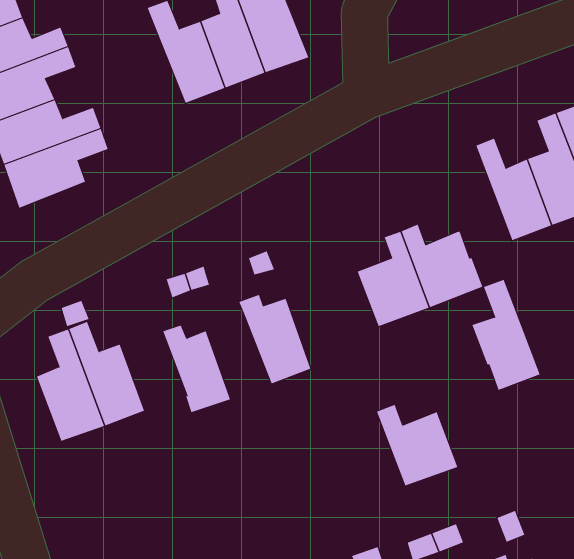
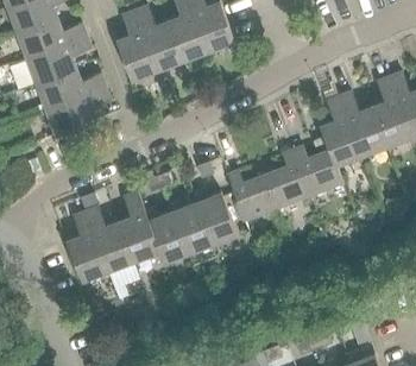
building: none -> [114,12,157,82]
building: [472,279,540,392] -> [317,97,360,168]
building: none -> [116,193,158,263]
building: none -> [166,200,210,255]
building: [376,404,458,486] -> [226,171,277,222]

